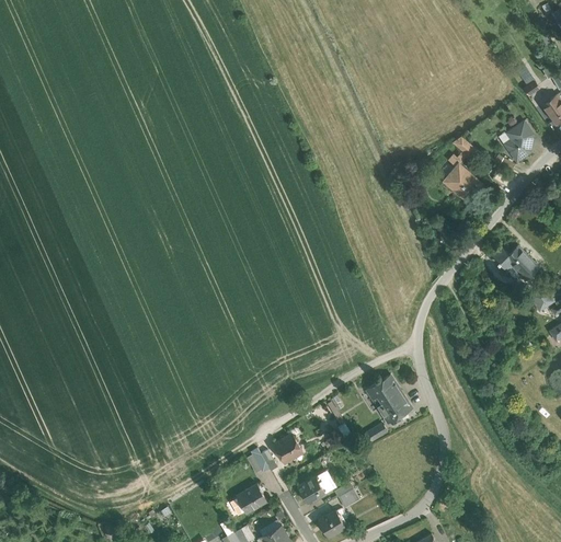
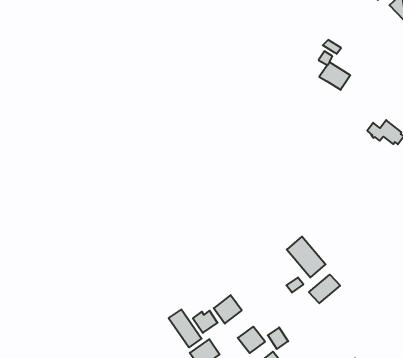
building: [502,122,529,160] -> none
building: none -> [309,275,340,303]
building: none -> [169,309,202,347]

